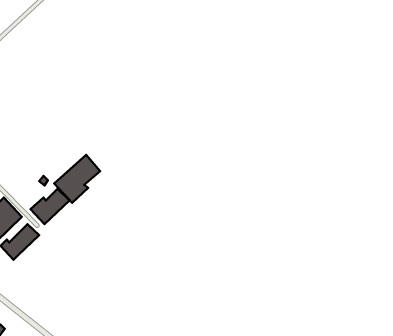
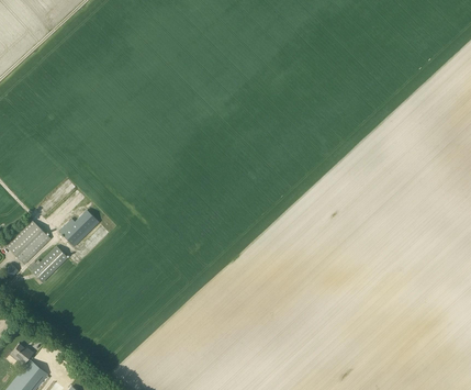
building: [54,155,100,203] -> none

